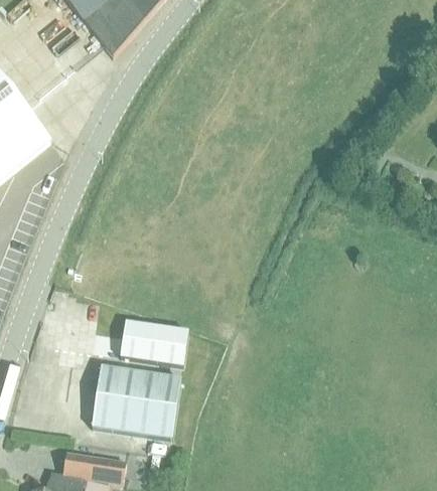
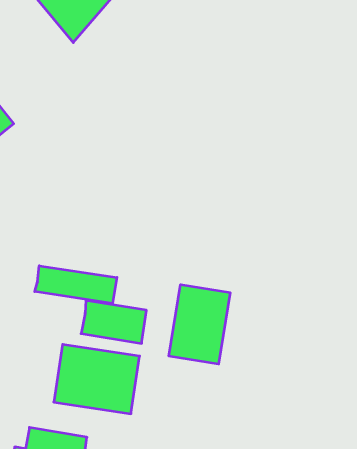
building: none -> [35,266,117,303]
building: none -> [169,285,230,364]

